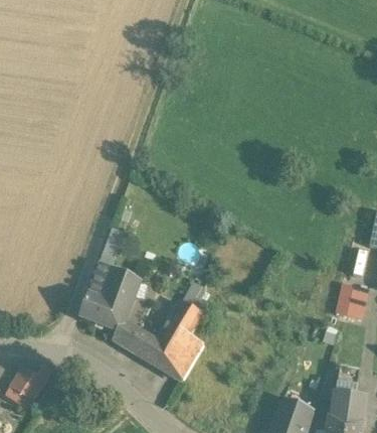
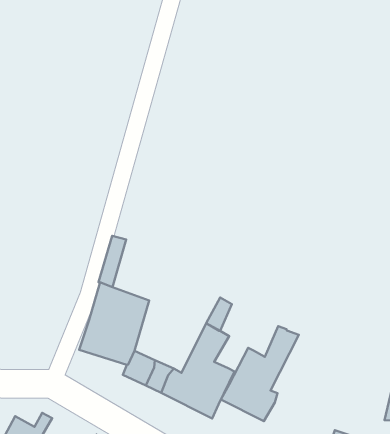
building: none -> [221,326,299,421]

